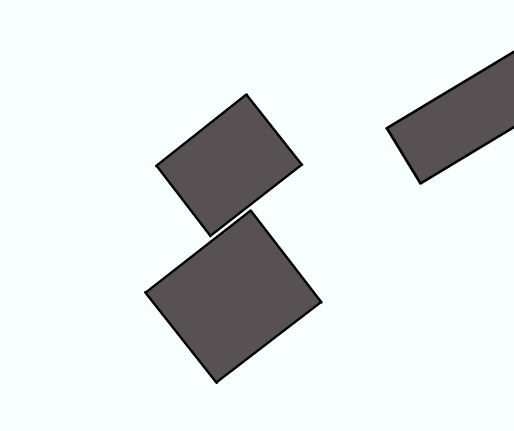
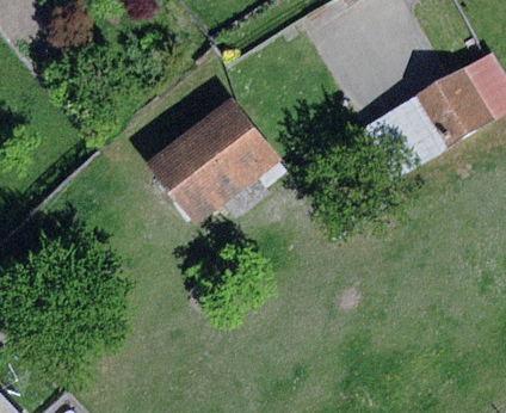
building: [145,211,321,383] -> none

